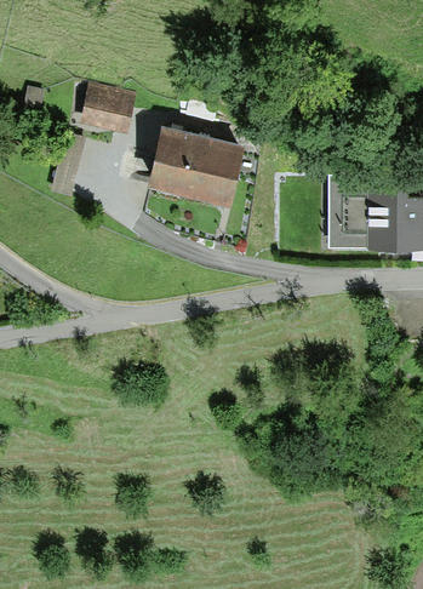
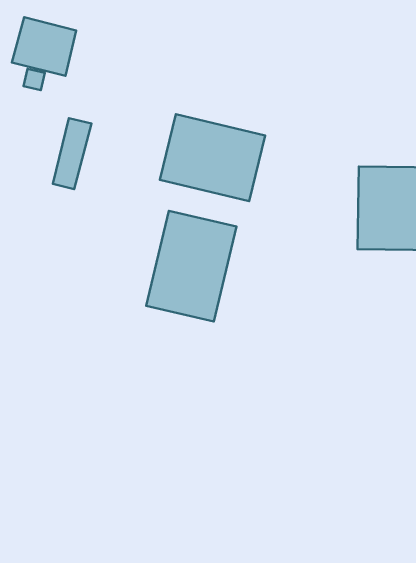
building: [79,82,137,136] -> [12,17,76,76]
building: none -> [146,211,237,322]

